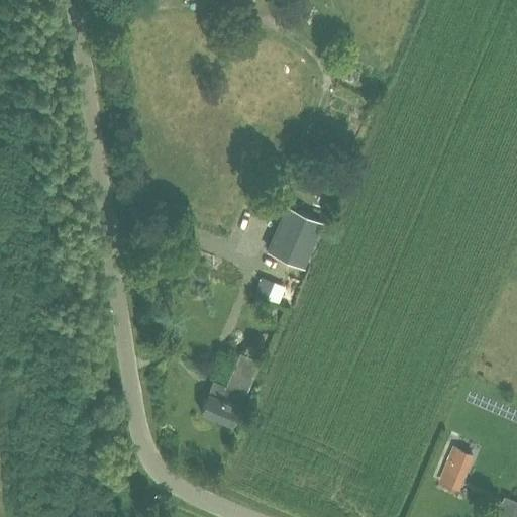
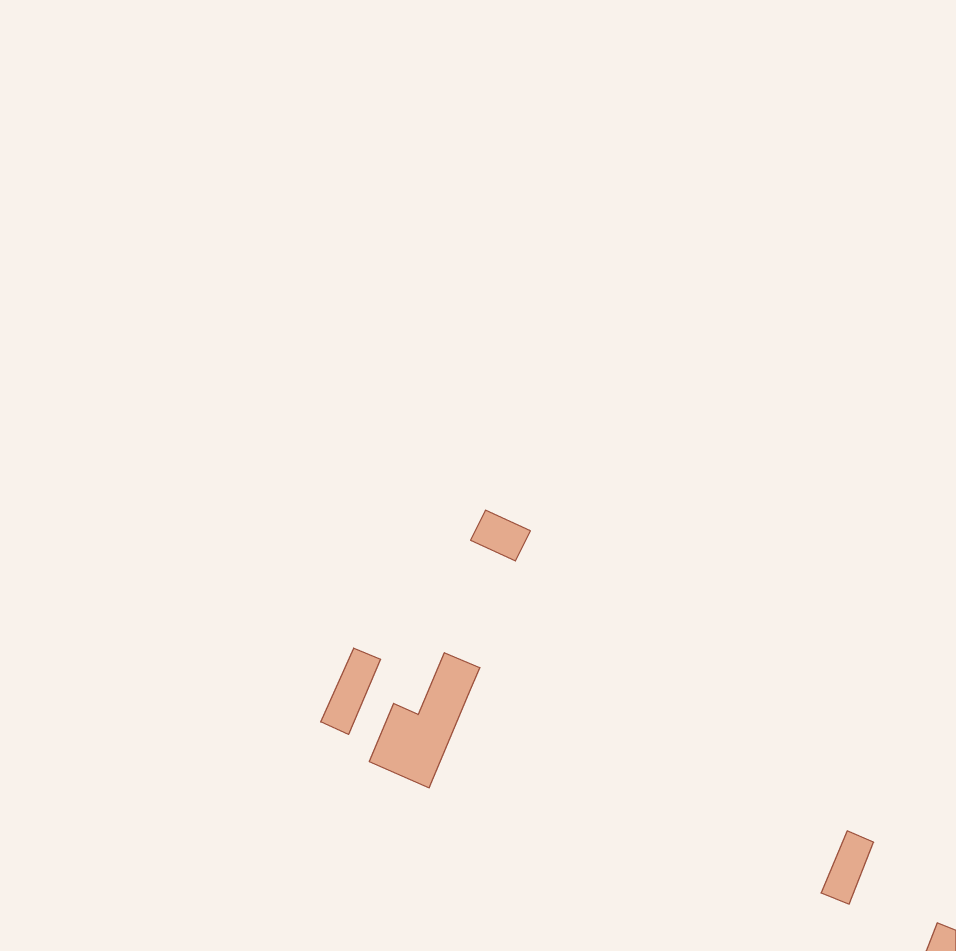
building: [268,209,321,268] -> none
building: none -> [321,648,380,734]

